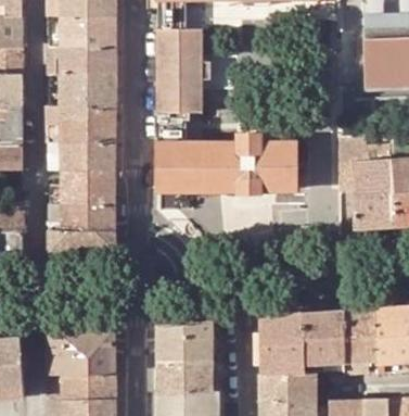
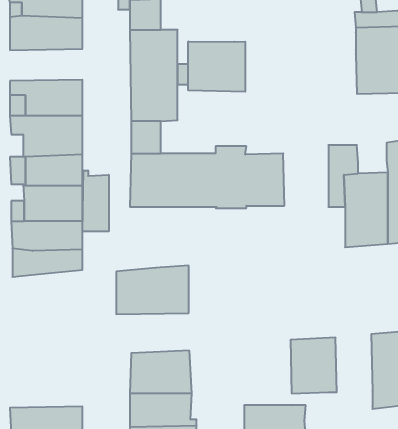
building: none -> [188,41,245,92]
building: [48,47,114,76] -> none
building: none -> [82,170,109,231]
building: [345,307,379,375] -> none
building: [260,313,305,373] -> none
building: [48,330,114,375] -> [116,266,189,314]

